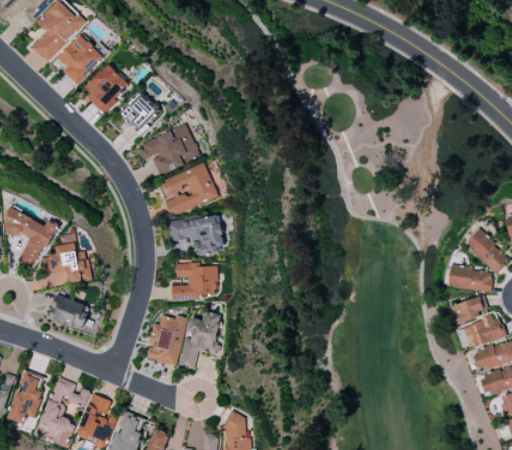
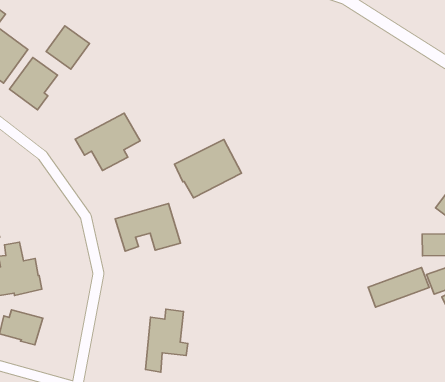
building: [119,93,160,134] -> [46,26,89,69]
building: [157,163,218,214] -> [175,140,241,198]
building: [171,260,217,299] -> none
building: none -> [368,267,429,307]
building: [148,314,186,364] -> none

